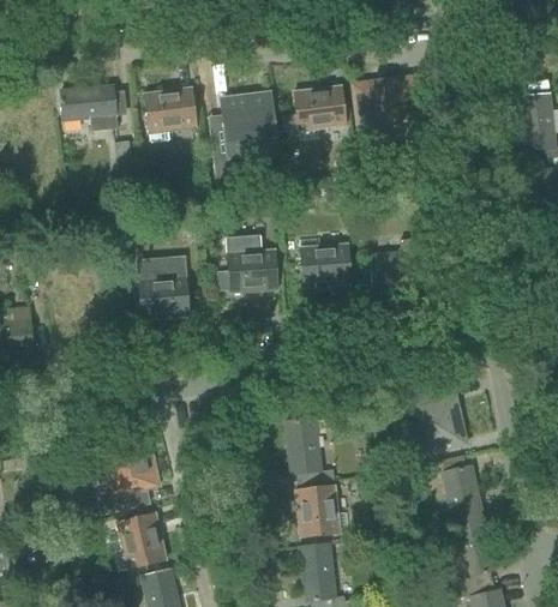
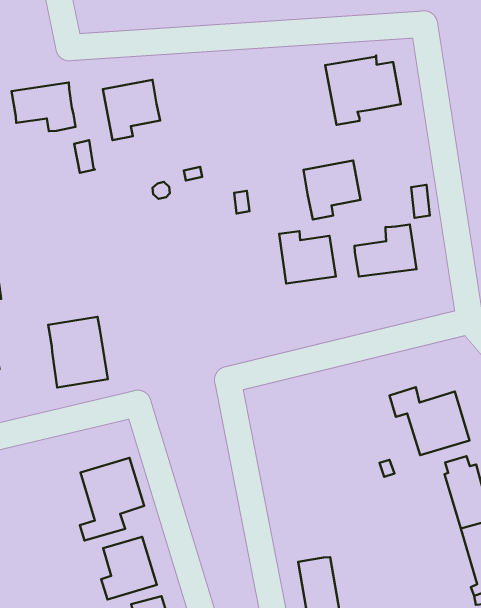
building: [295,85,347,138] -> [303,160,361,219]
building: [222,92,276,154] -> none
building: [218,235,277,290] -> none
building: [137,254,190,318] -> [48,317,108,387]
building: [287,416,322,482] -> none
building: [296,483,349,535] -> none

